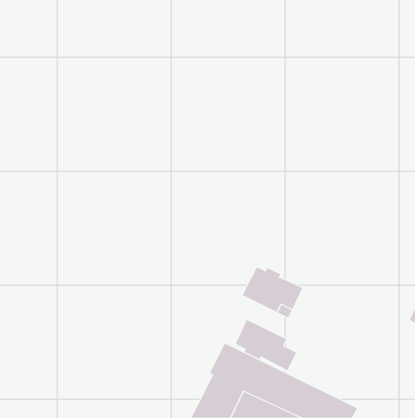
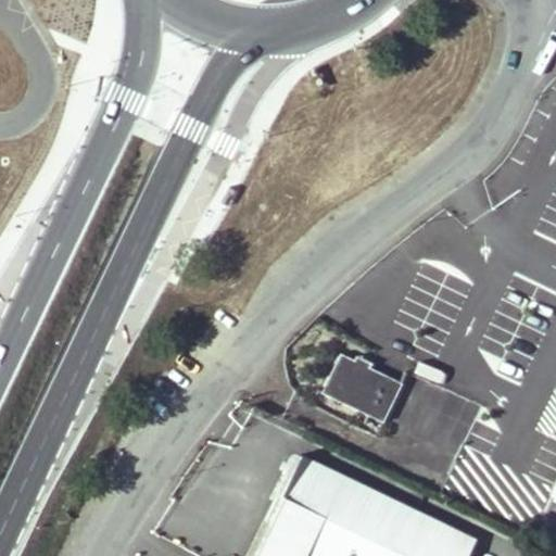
building: [235,319,297,371] -> none

